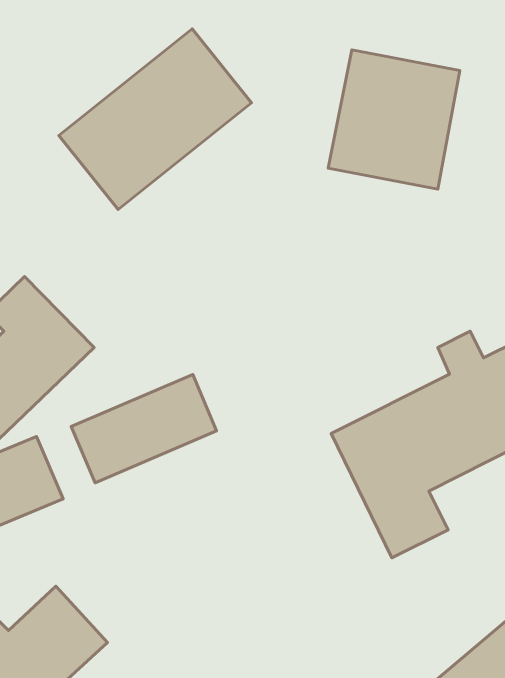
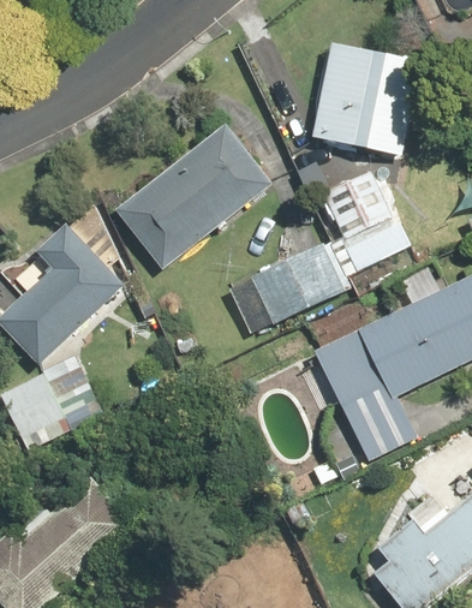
building: [59,29,251,209] -> [115,123,271,269]
building: none -> [324,171,408,272]
building: [71,375,216,483] -> [229,244,347,332]

